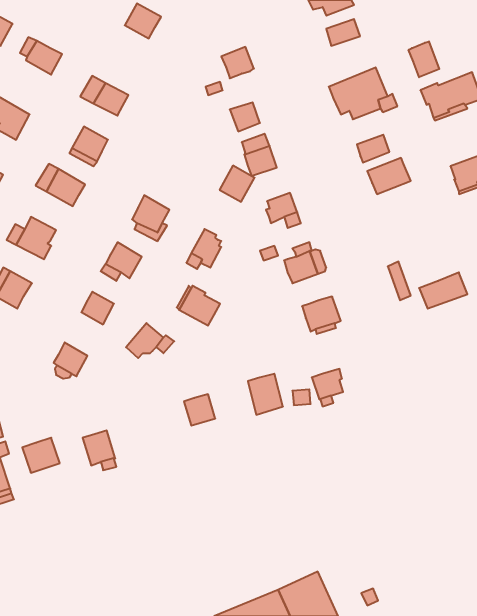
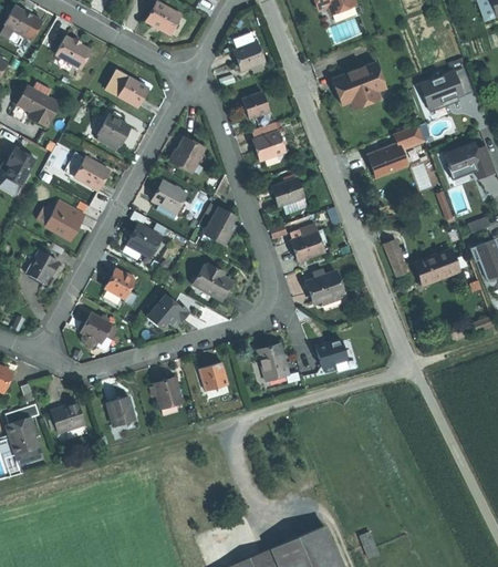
building: [409,41,439,77] -> none
building: [357,135,389,163] -> [395,125,425,151]
building: [220,166,255,202] -> [170,141,203,174]
building: none -> [154,377,180,404]

